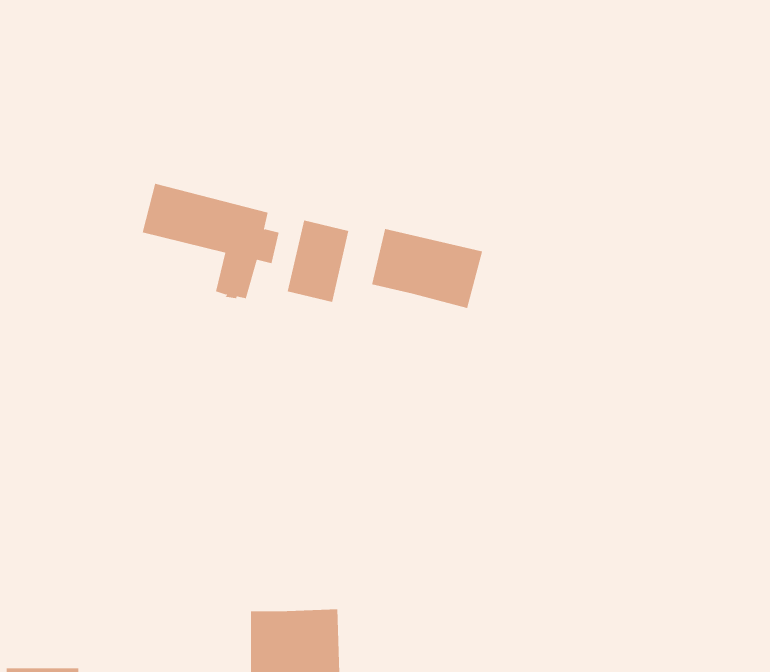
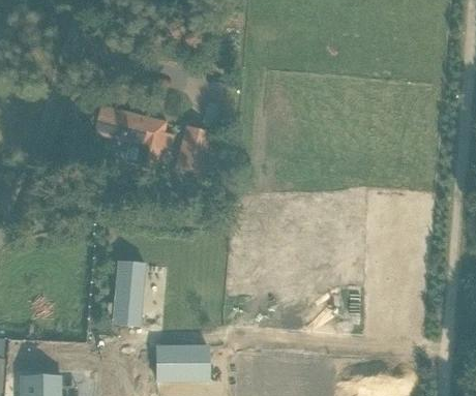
building: [372,228,483,309] -> none
building: none -> [113,262,145,326]

